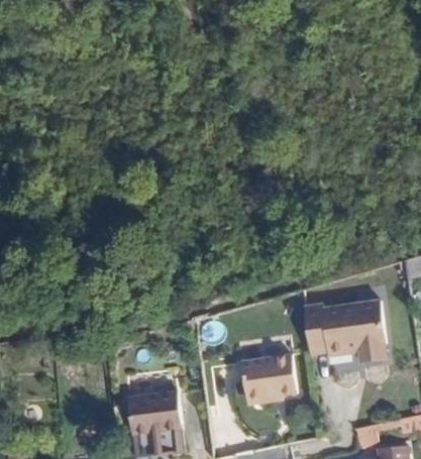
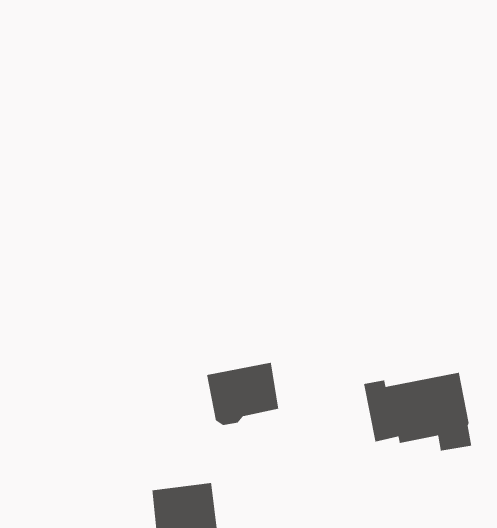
building: [235,353,293,404] -> [206,362,279,426]

